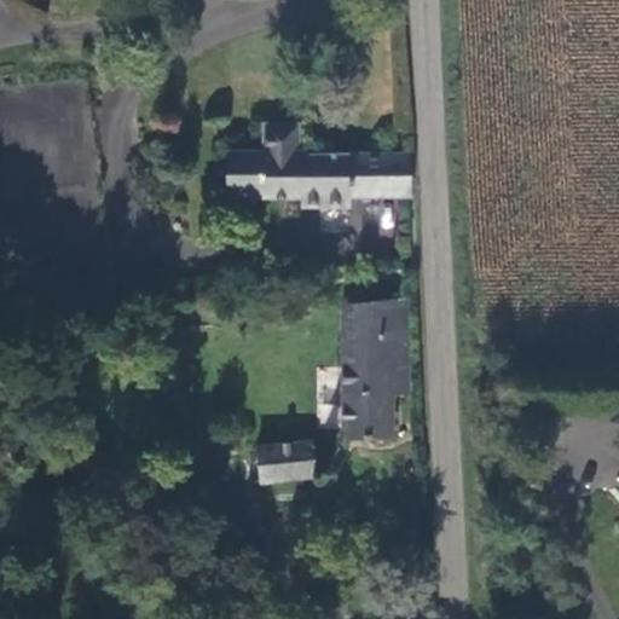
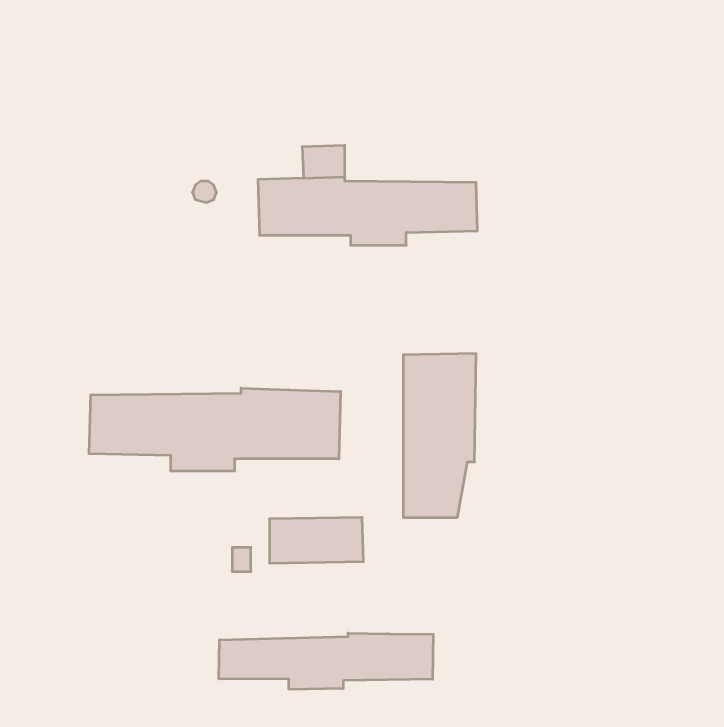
building: none -> [89,388,341,471]
building: none -> [219,633,433,689]

